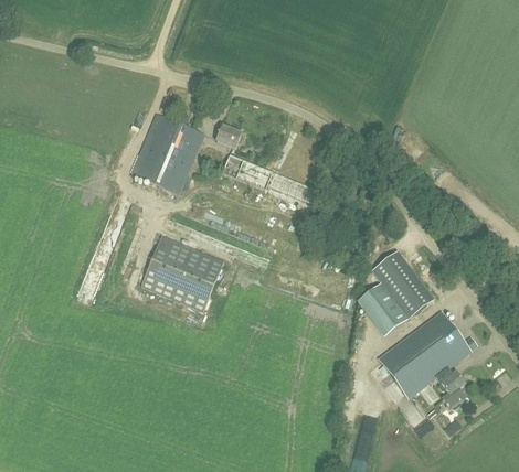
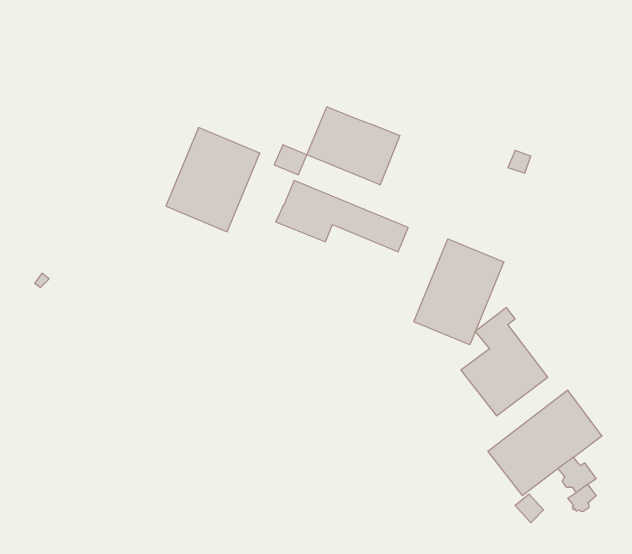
building: none -> [307,107,400,185]
building: none -> [414,239,504,345]
building: [140,232,224,308] -> none

